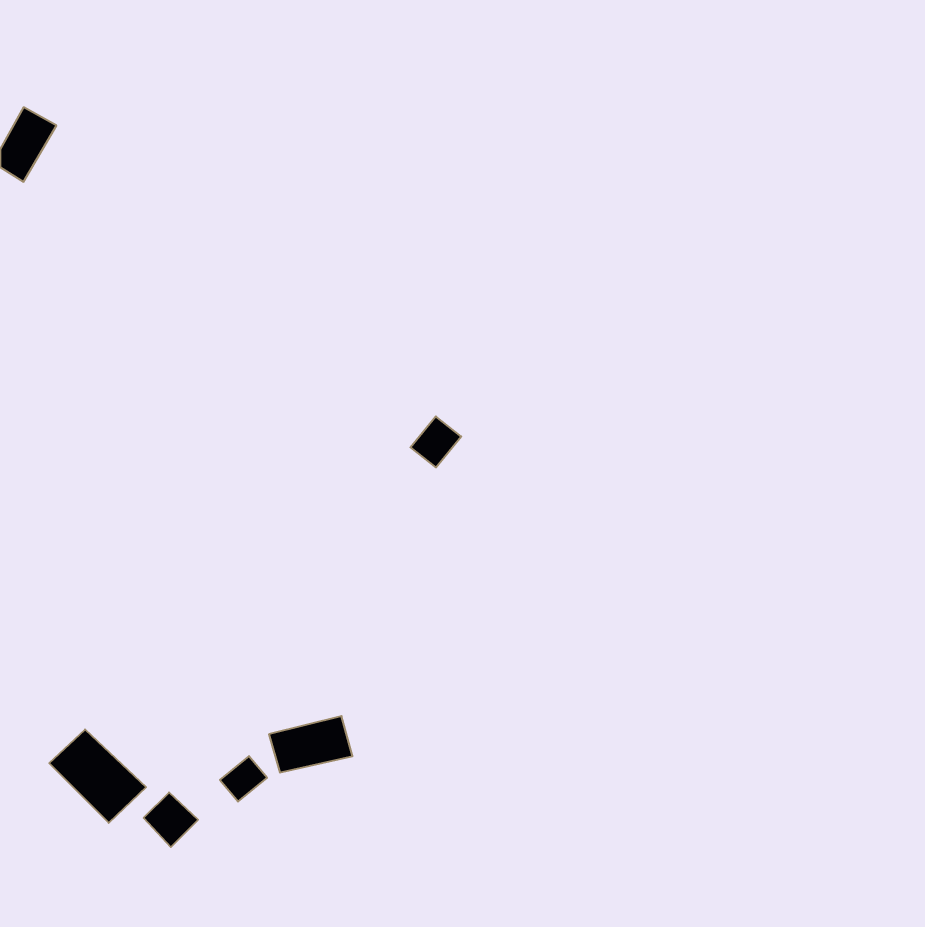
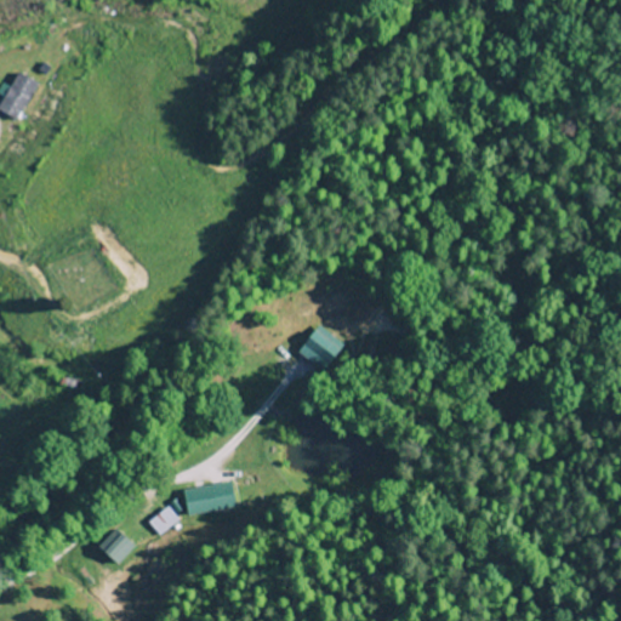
building: [410,416,461,467] -> [298,331,332,365]
building: [49,729,146,823] -> none

